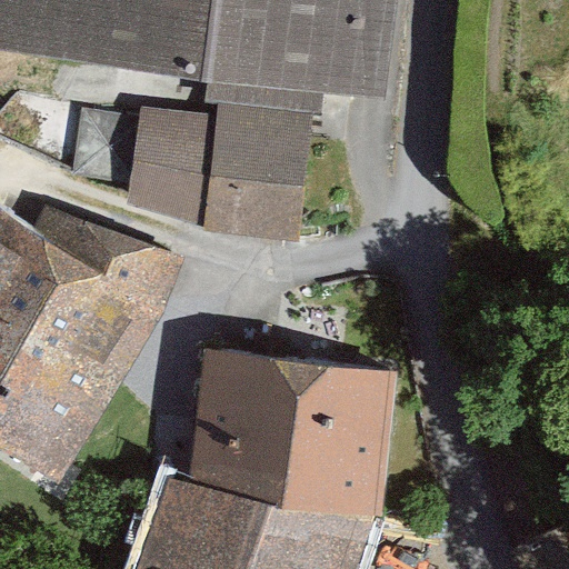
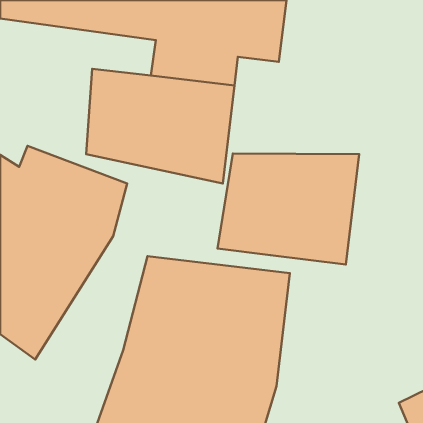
building: none -> [217,154,359,264]

